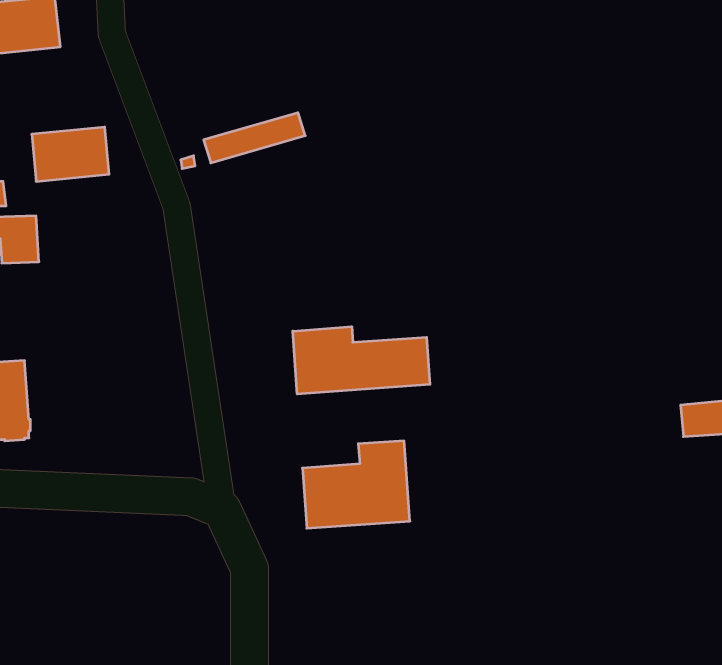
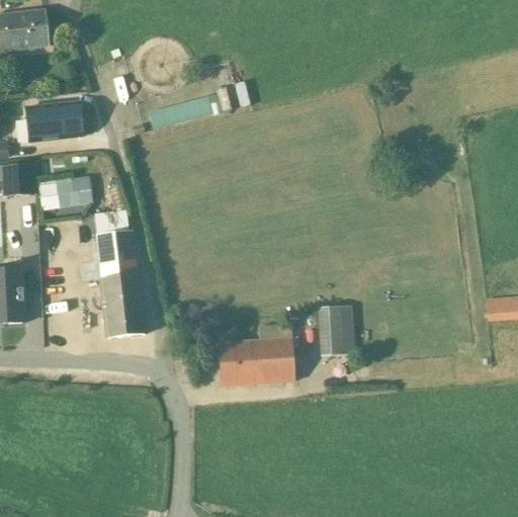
building: none -> [53,175,90,209]
building: none -> [97,230,145,338]
building: [293,327,430,394] -> none
building: none -> [319,306,353,355]

